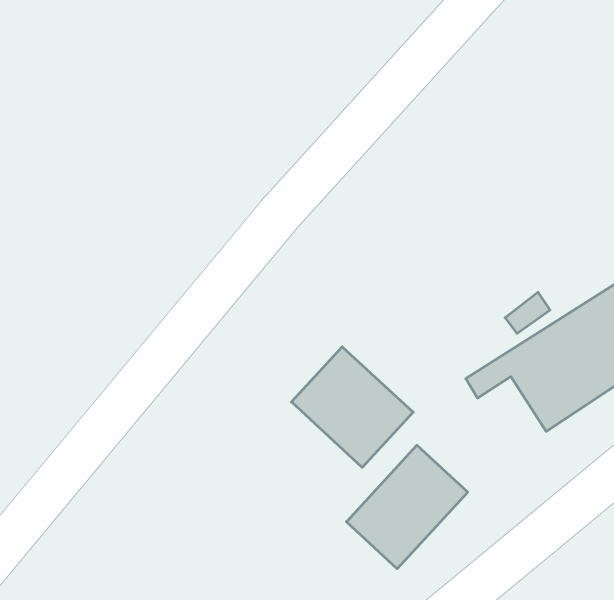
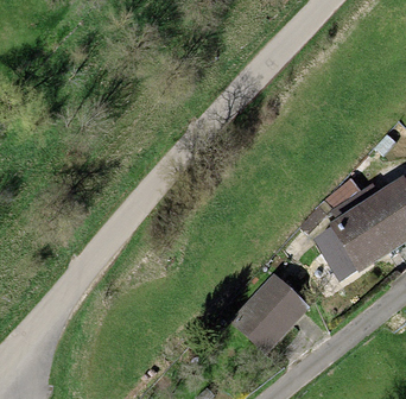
building: [291,347,413,467] -> none

